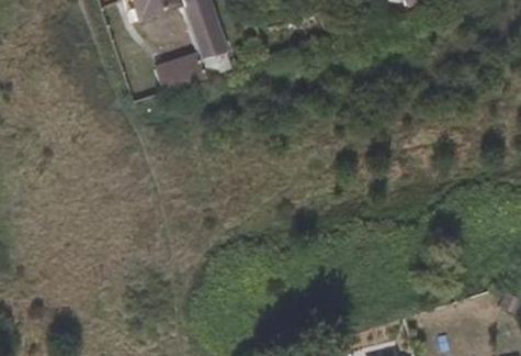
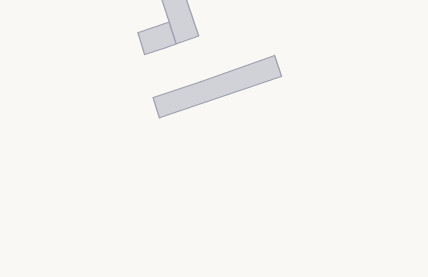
building: none -> [153,55,281,118]

